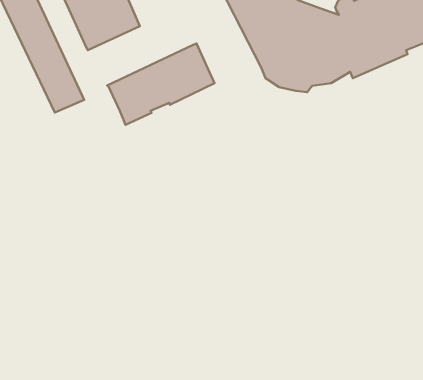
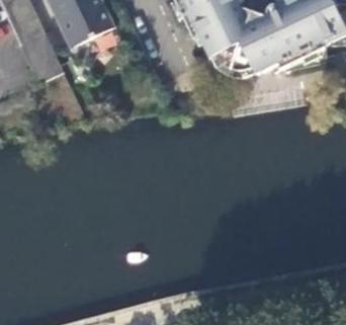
building: [107,44,215,125] -> none

